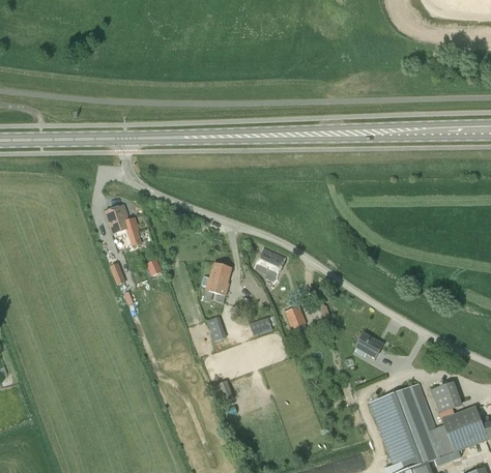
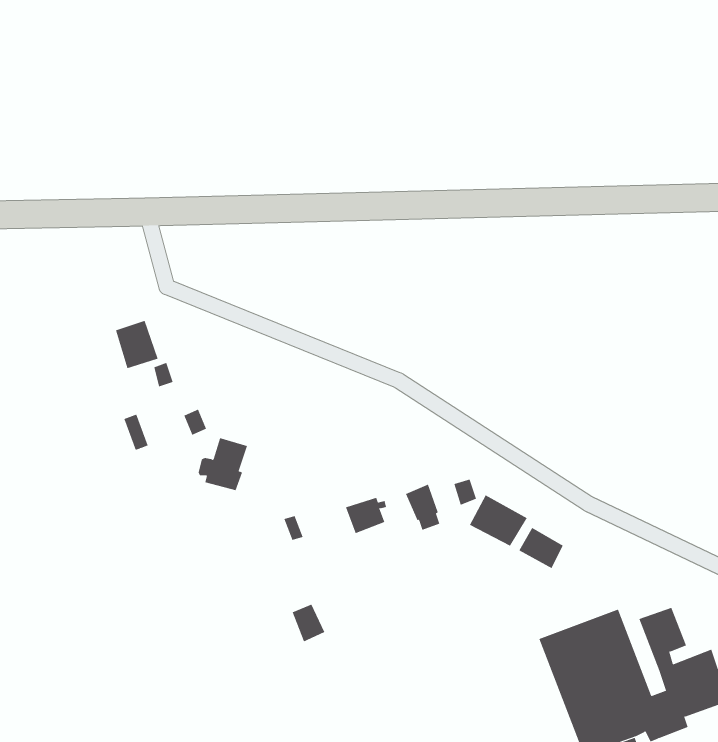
building: [254,247,285,282] -> none
building: [201,262,232,295] -> [198,438,248,491]
building: none -> [469,495,528,547]

